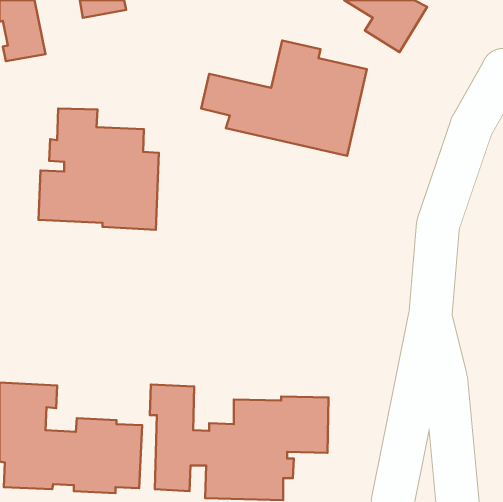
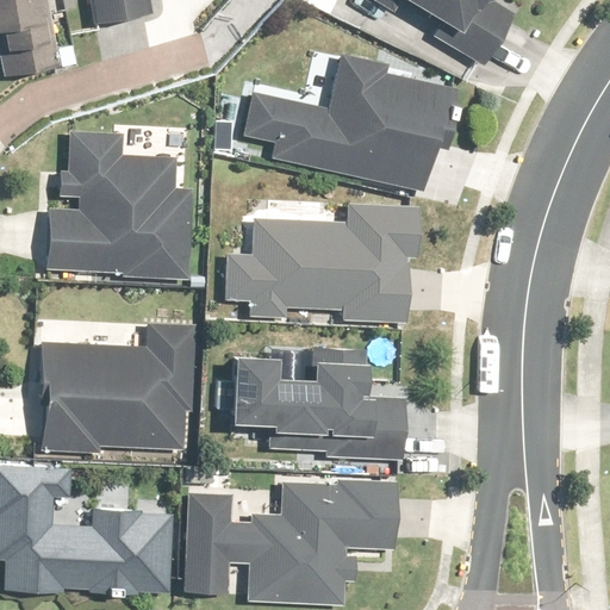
building: none -> [224,204,422,323]
building: none -> [41,324,197,452]
building: none -> [234,348,409,441]

